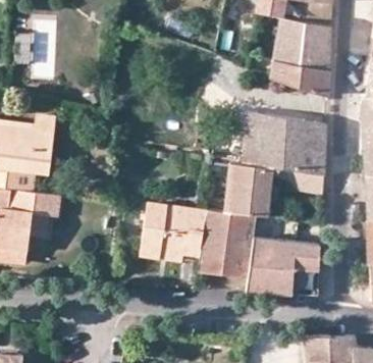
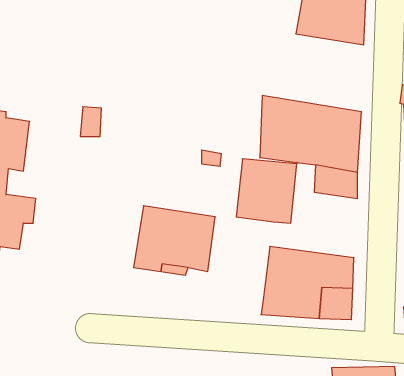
building: [271,61,329,97] -> none
building: [198,210,255,278] -> none

